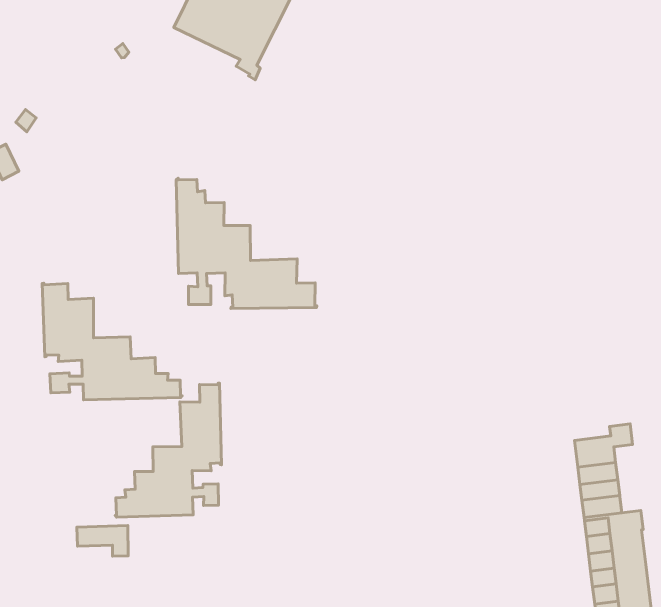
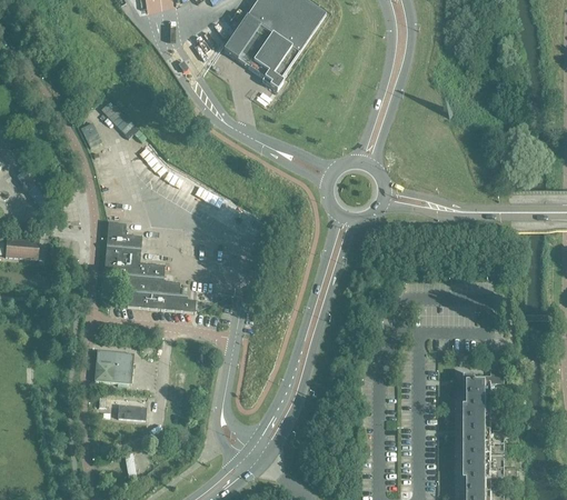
building: [176,178,317,309] -> none
building: [115,383,221,517] -> none
building: none -> [92,350,131,383]

